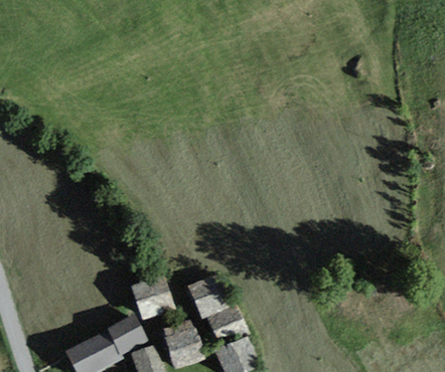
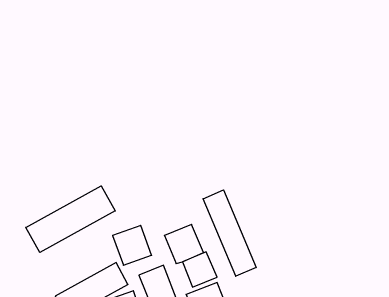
building: none -> [26,186,115,252]
building: none -> [203,190,256,276]

